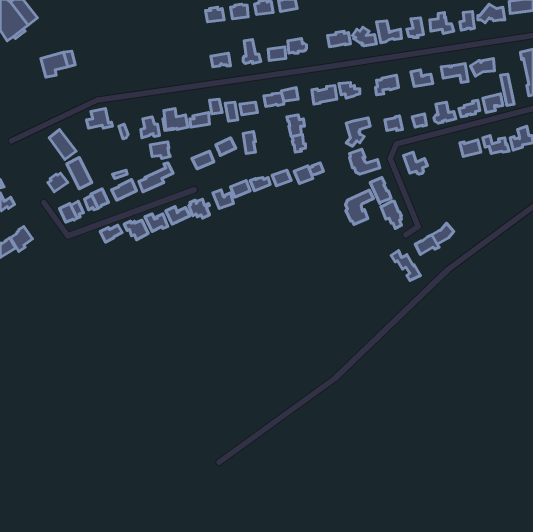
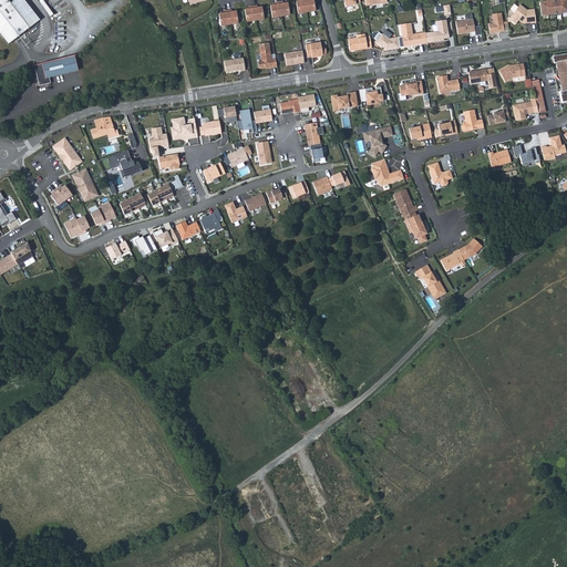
building: none -> [109,150,144,177]
building: [345,190,374,224] -> none

